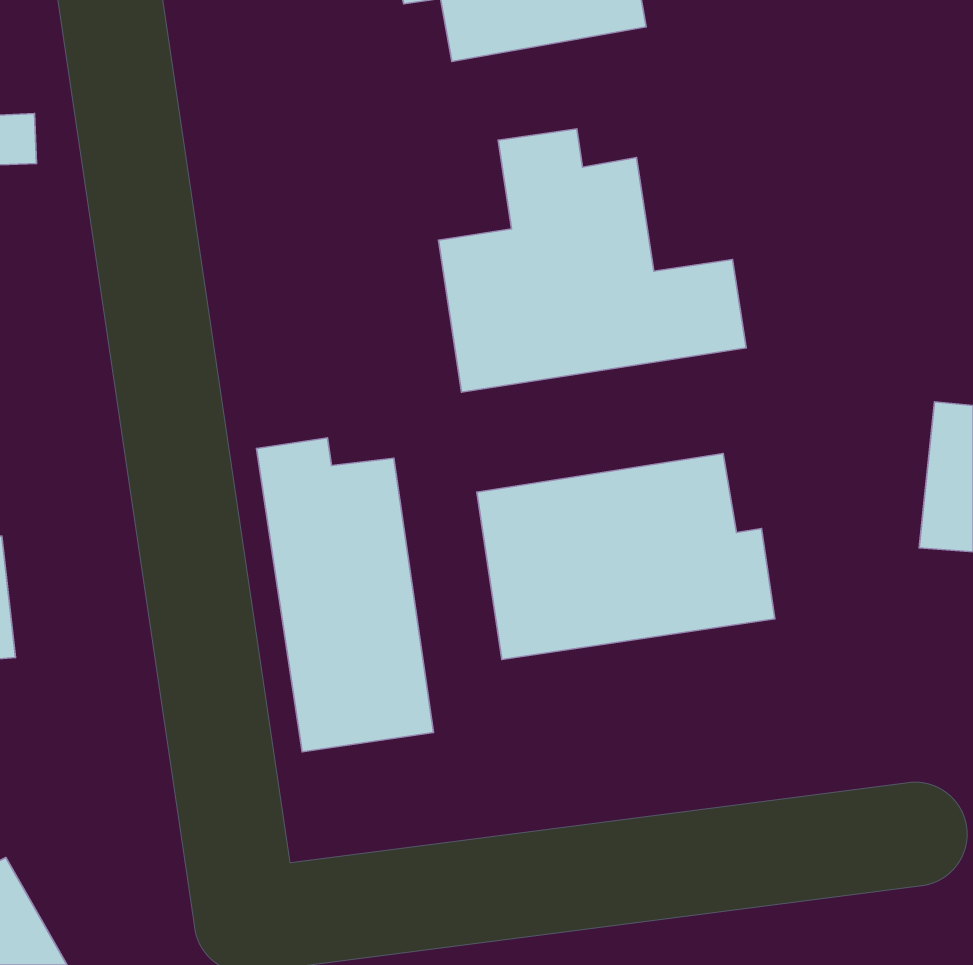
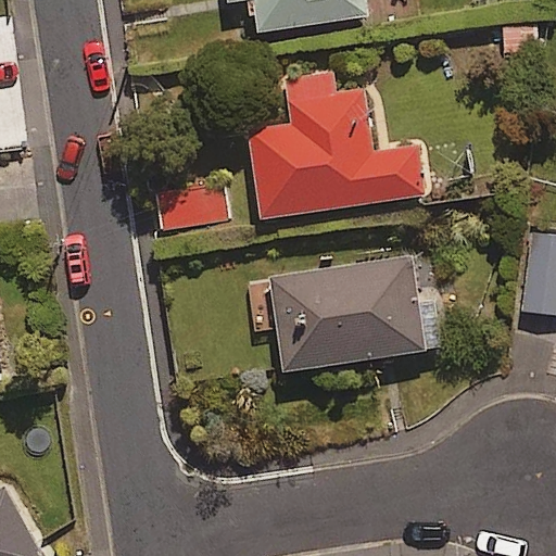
building: [257,438,433,752] -> none

